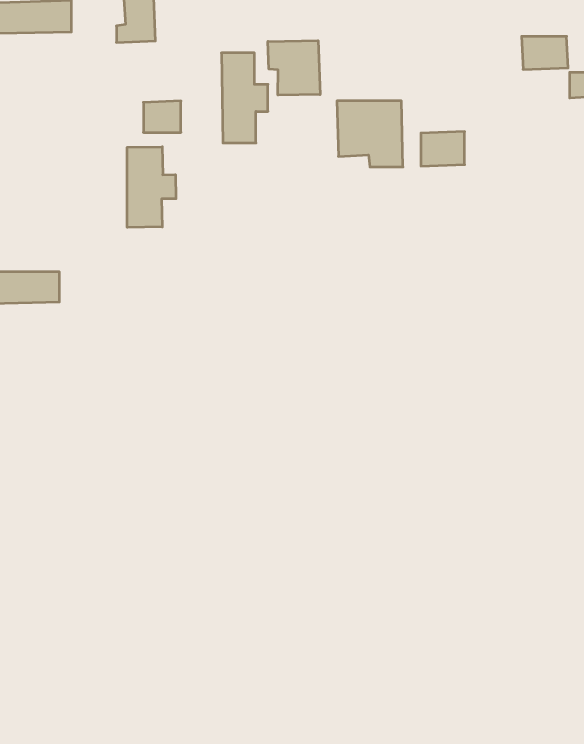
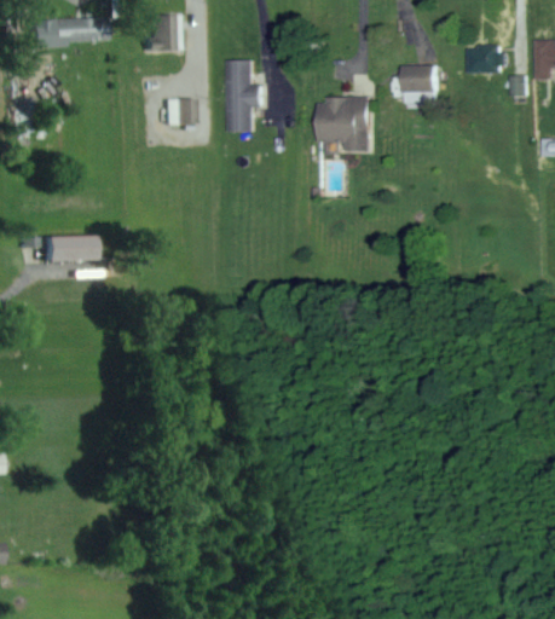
building: [268,41,320,95] -> none
building: [421,132,465,166] -> [403,64,438,92]
building: [127,147,176,227] -> none

